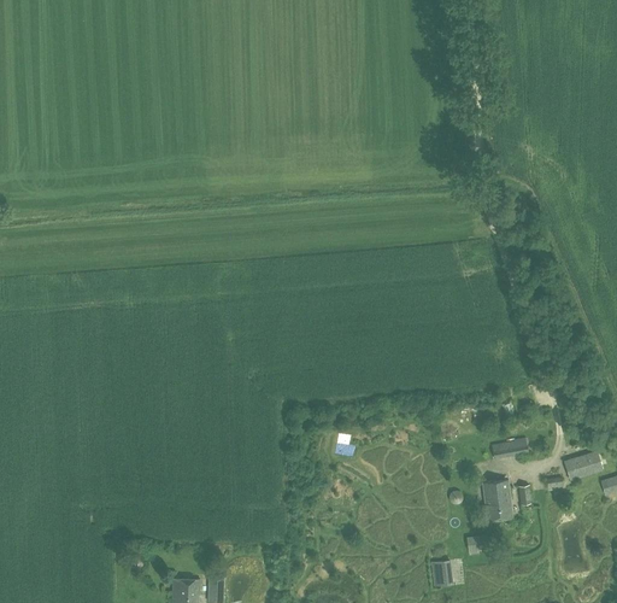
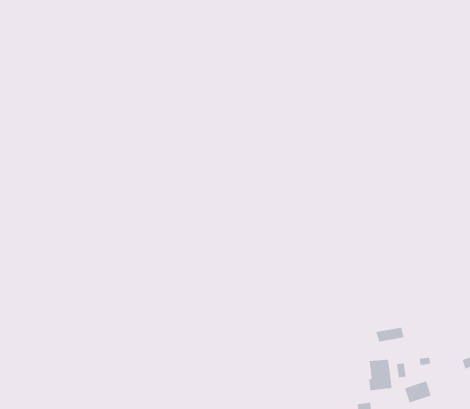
building: [568,450,603,479] -> [404,381,432,403]

